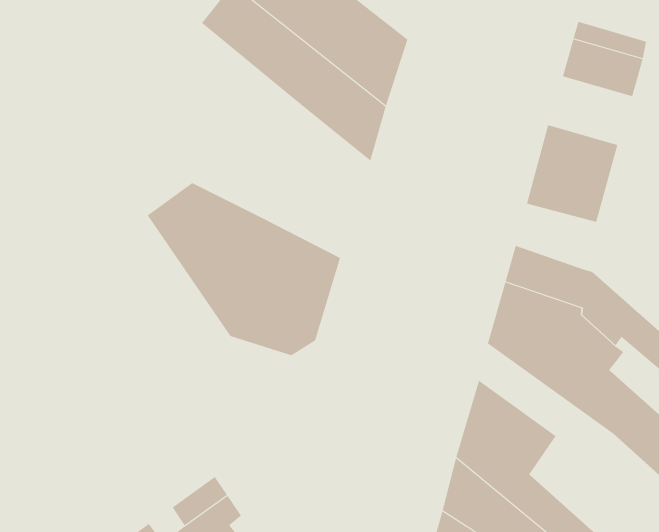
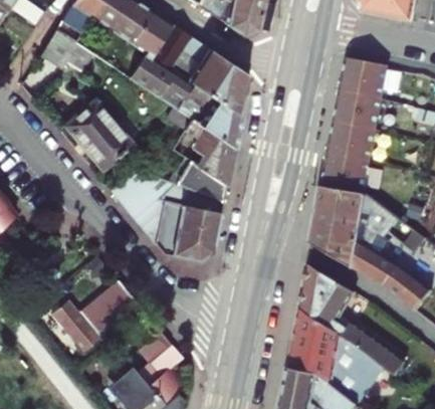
building: none -> [66,101,132,169]
building: none -> [334,88,381,125]
building: none -> [176,118,235,203]
building: none -> [321,163,367,197]
building: none -> [51,279,138,353]

